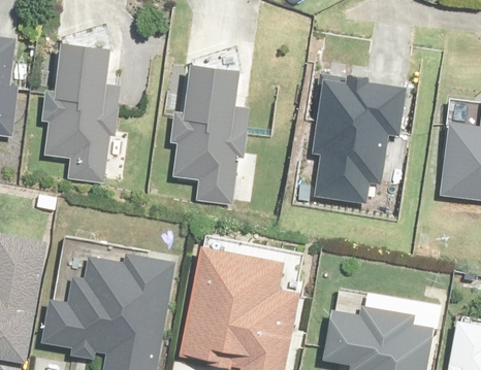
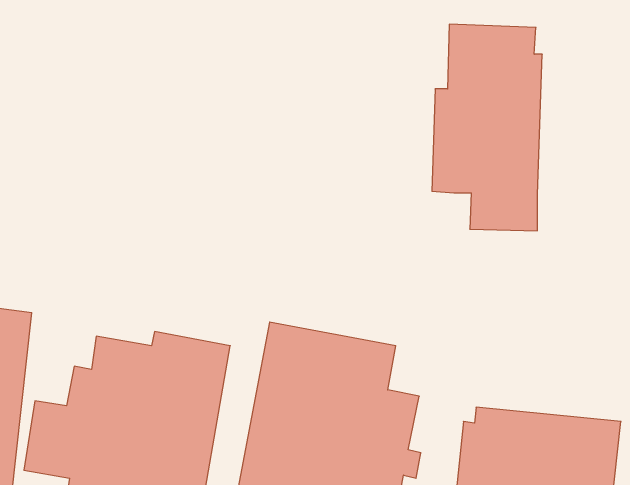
building: [41,45,123,181] -> none
building: [171,69,245,204] -> none

